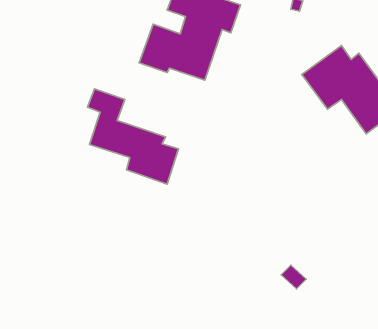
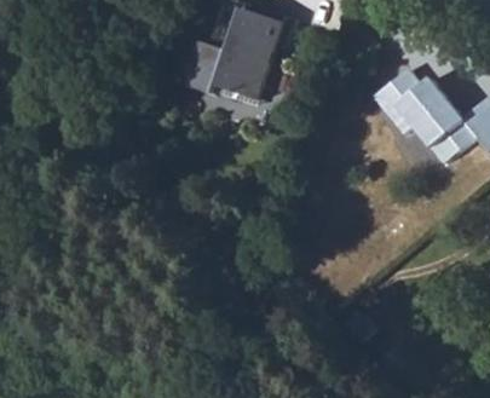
building: [87,89,179,184] -> none

